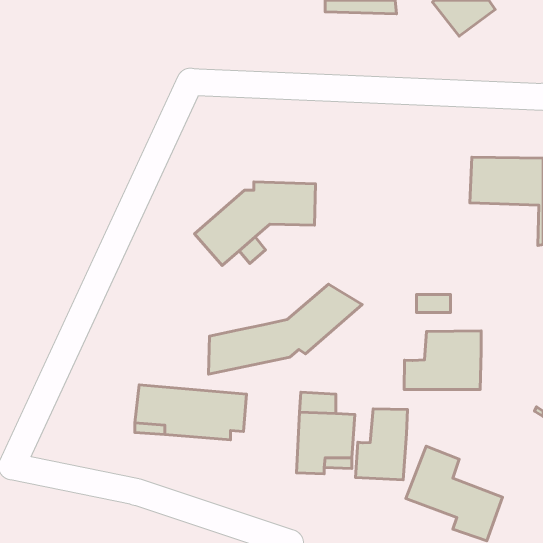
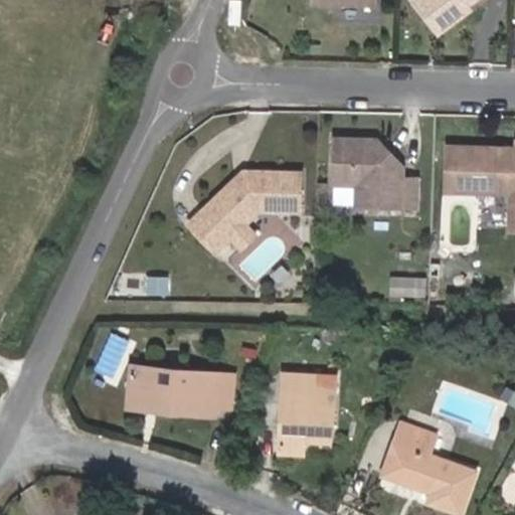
building: none -> [331,138,414,207]
building: [209,284,362,374] -> none
building: [404,331,481,389] -> none
building: [356,409,408,480] -> none

